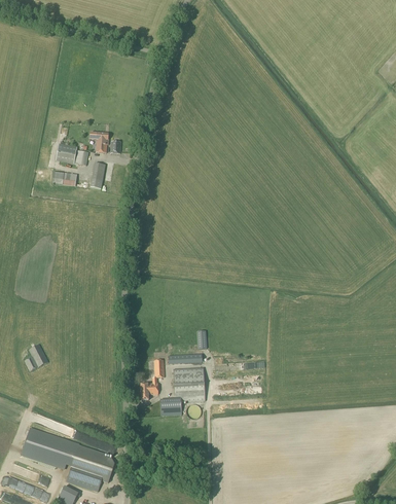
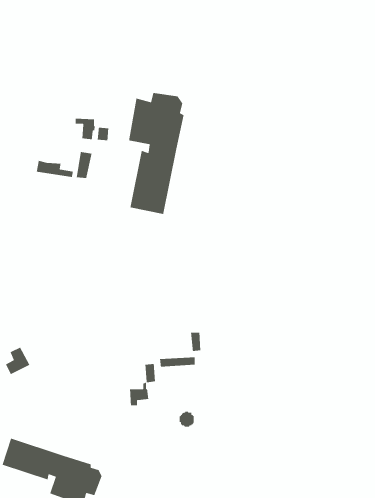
building: none -> [128,92,184,215]
building: [56,143,88,165] -> none
building: [160,367,205,416] -> none

